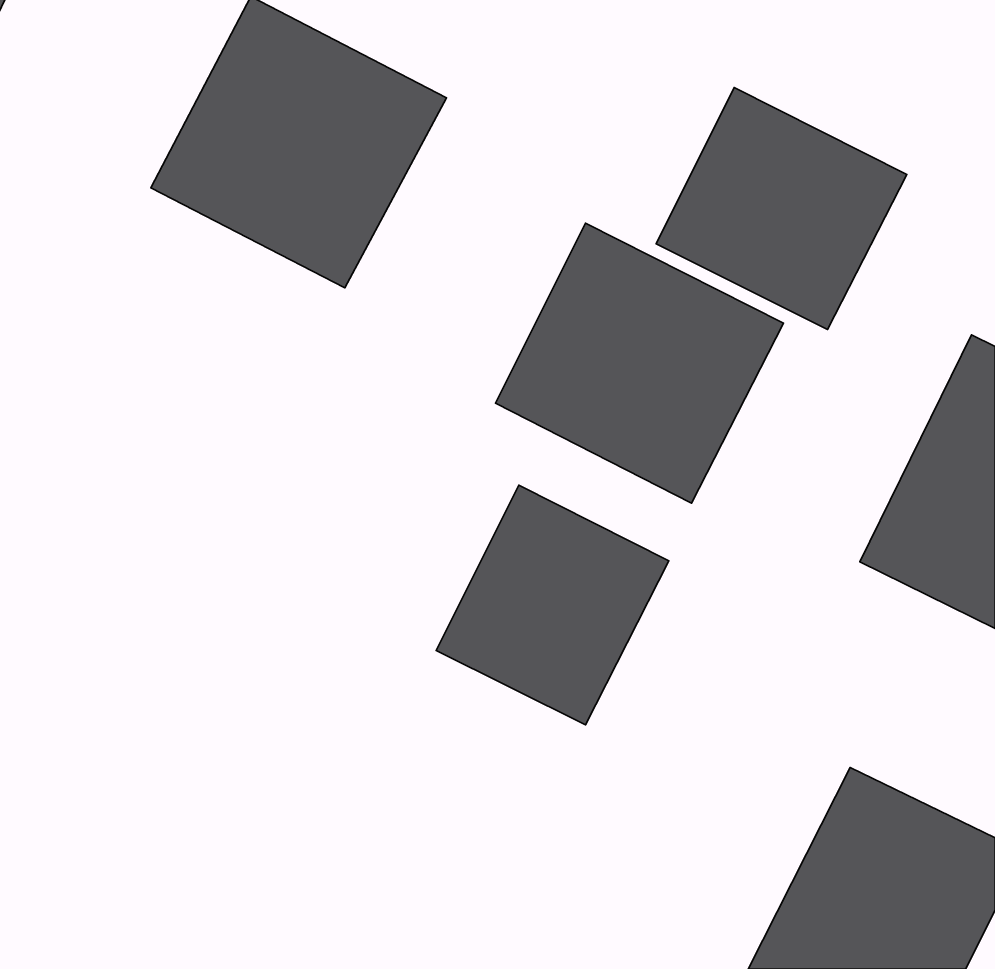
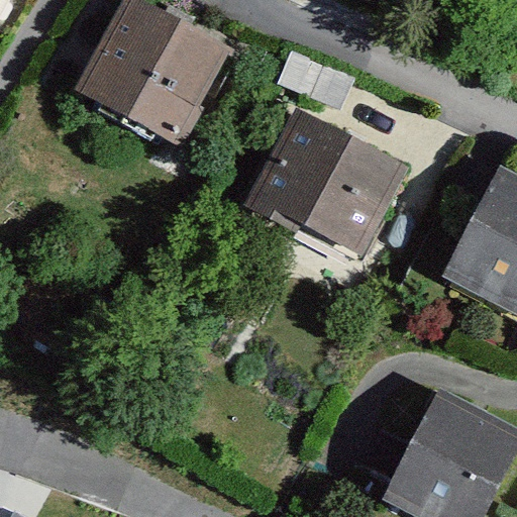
building: [656,87,907,330] -> none
building: [436,485,669,725] -> none

